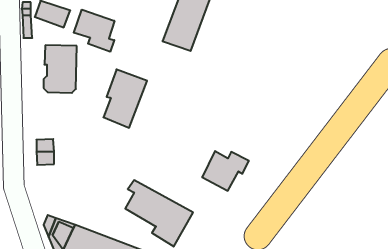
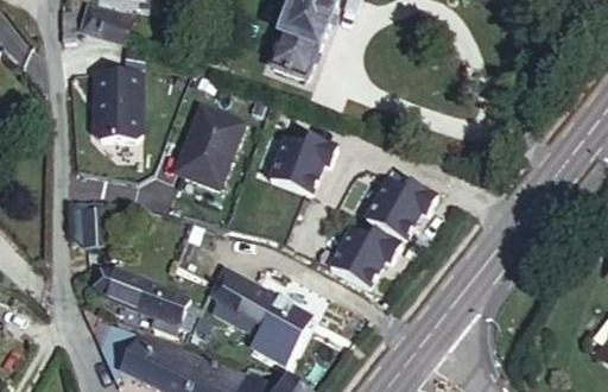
building: [74,10,114,52] -> none
building: none -> [267,135,335,192]
building: none -> [363,178,436,239]
building: none -> [100,268,186,333]

